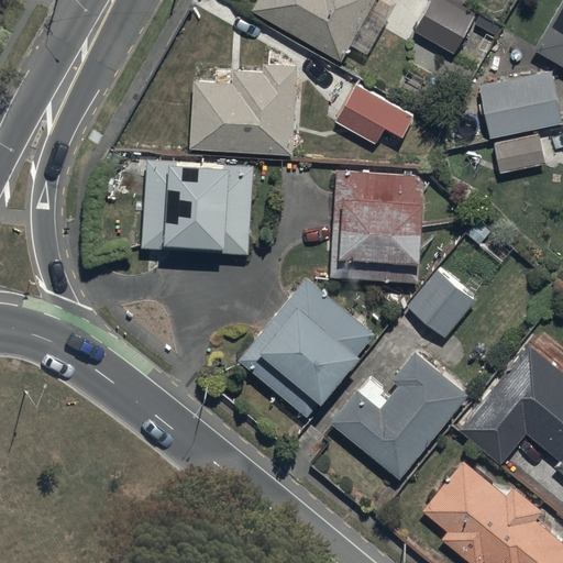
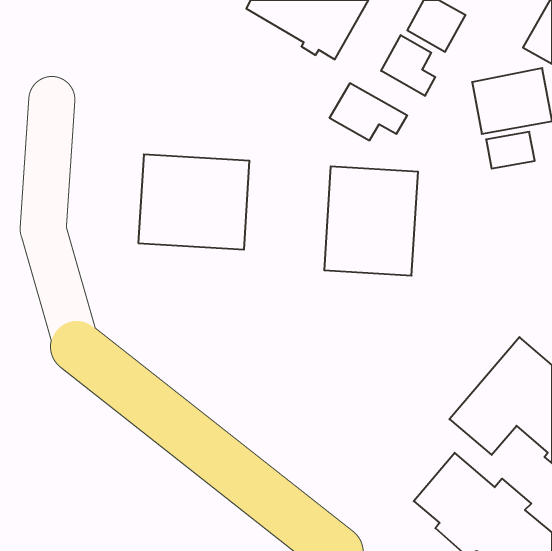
building: none -> [381,35,435,96]
building: [189,63,297,155] -> none
building: [406,269,476,339] -> none
building: [239,277,375,415] -> none
building: [329,353,467,479] -> none

